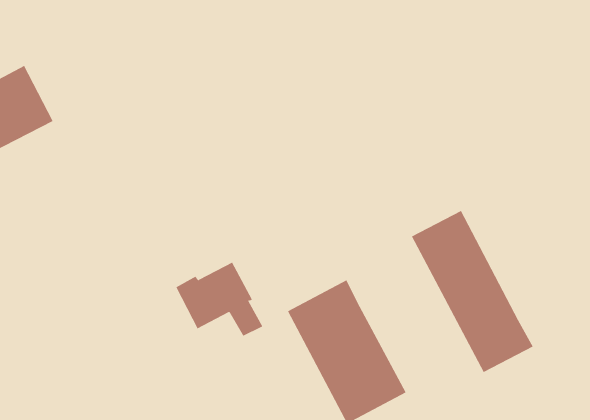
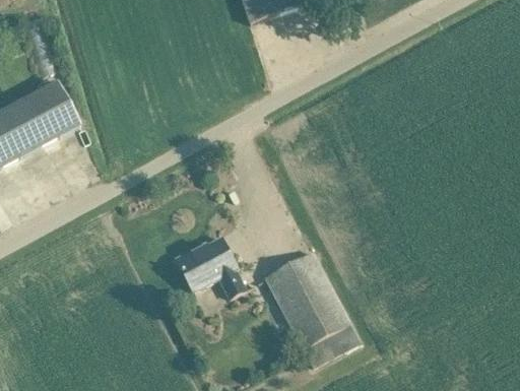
building: [411,210,533,373] -> none

